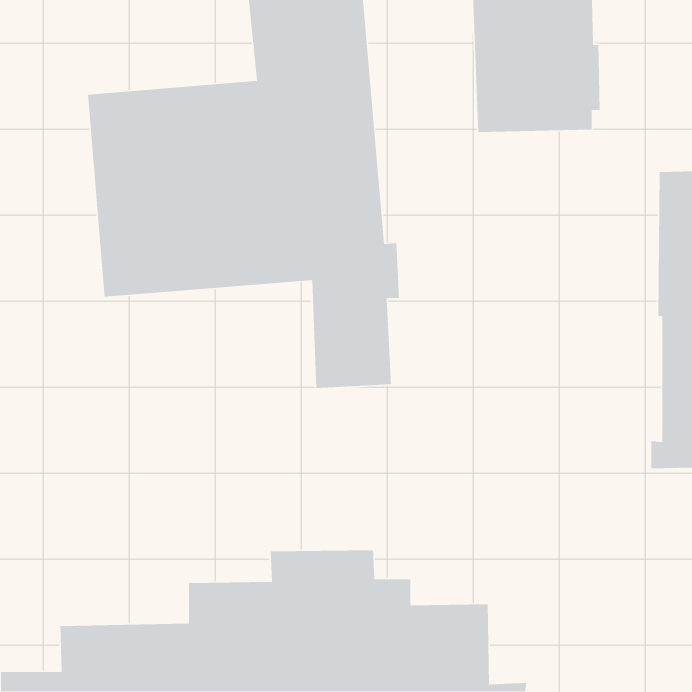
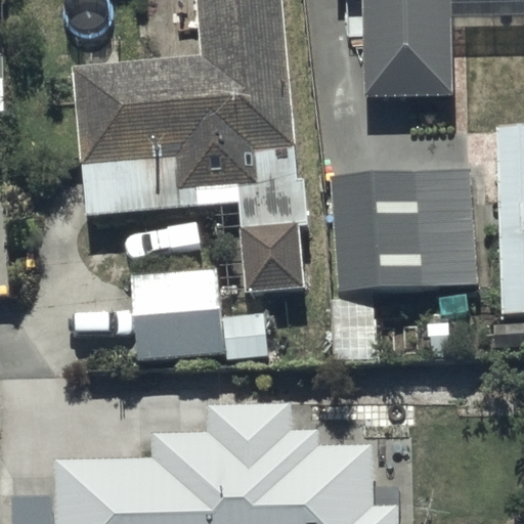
building: none -> [328,170,480,294]
building: none -> [128,267,275,359]

